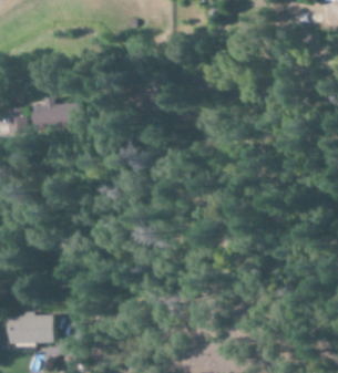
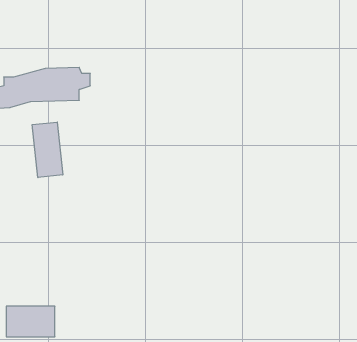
building: none -> [32,122,63,178]

